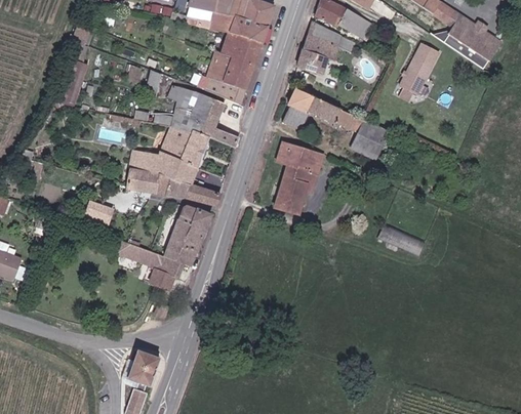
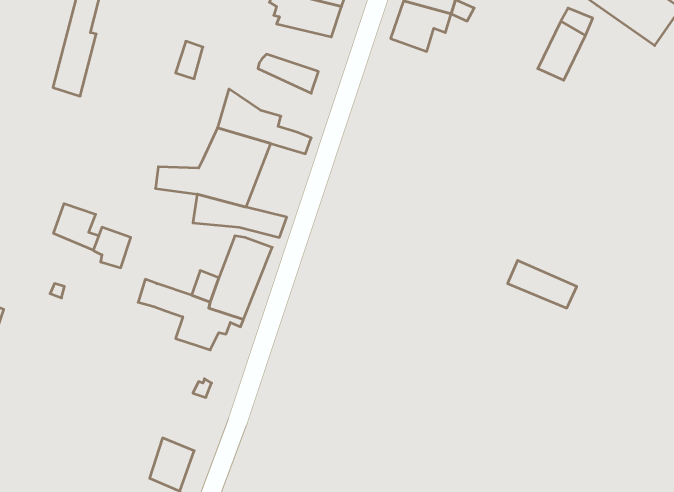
building: [208,54,254,88] -> none
building: [170,84,226,120] -> none
building: [283,88,390,160] -> none
building: [274,140,325,215] -> none
building: [126,171,159,196] -> none
building: none -> [54,204,99,250]

